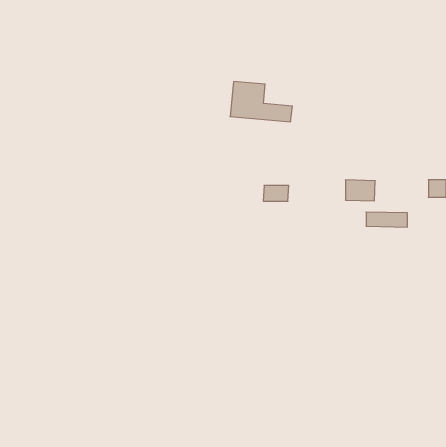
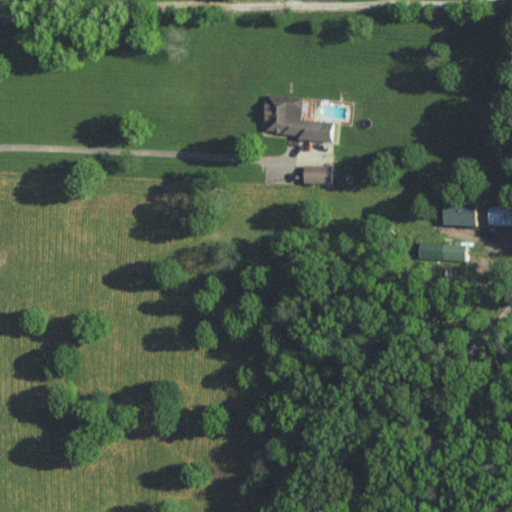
building: [345,180,375,201] -> [443,202,477,226]
building: [263,185,289,201] -> [302,165,331,183]

